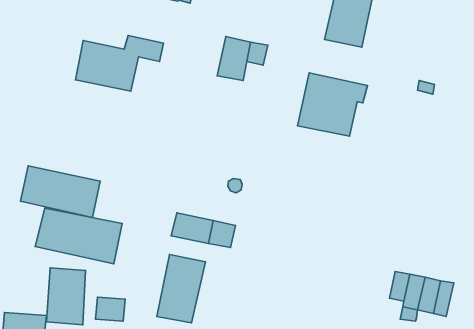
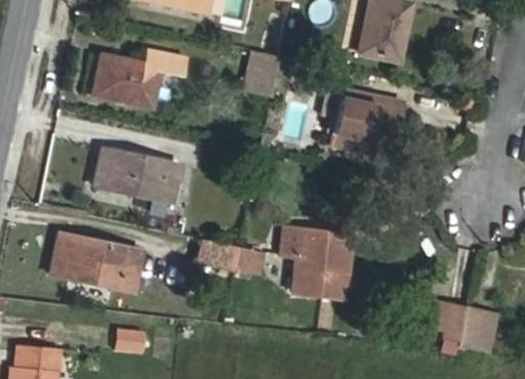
building: [21,166,100,218] -> [94,148,179,203]
building: none -> [281,226,352,298]
building: [157,254,205,323] -> none
building: [47,268,86,325] -> none

